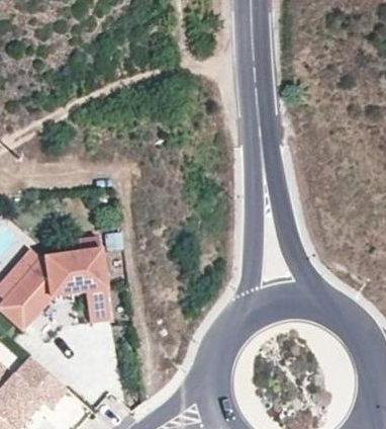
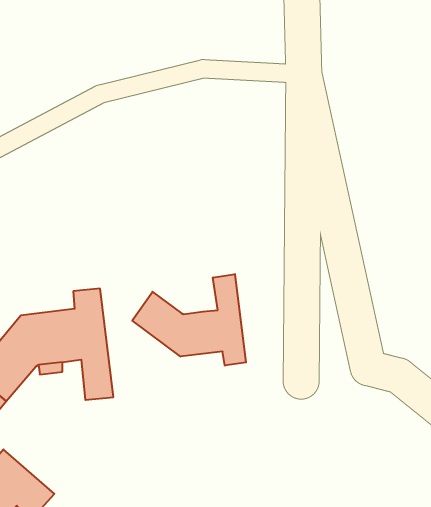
building: none -> [132,274,246,366]

